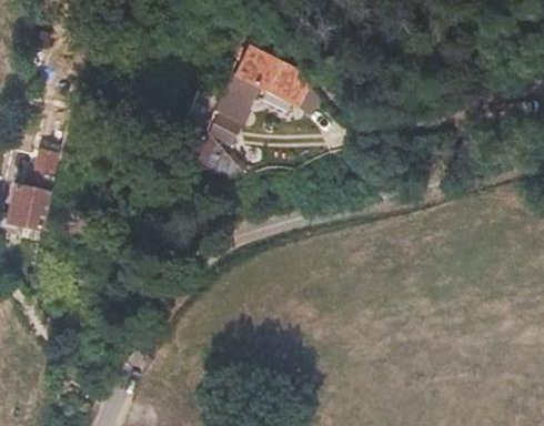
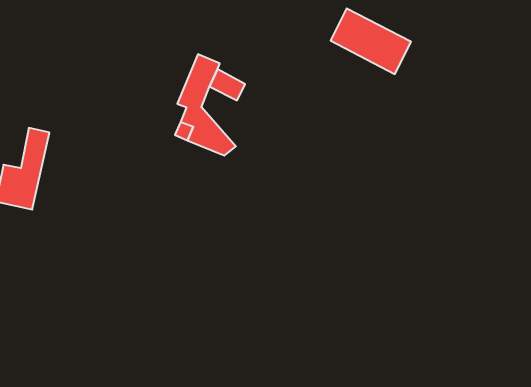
building: [233,44,311,108] -> [331,8,411,74]

